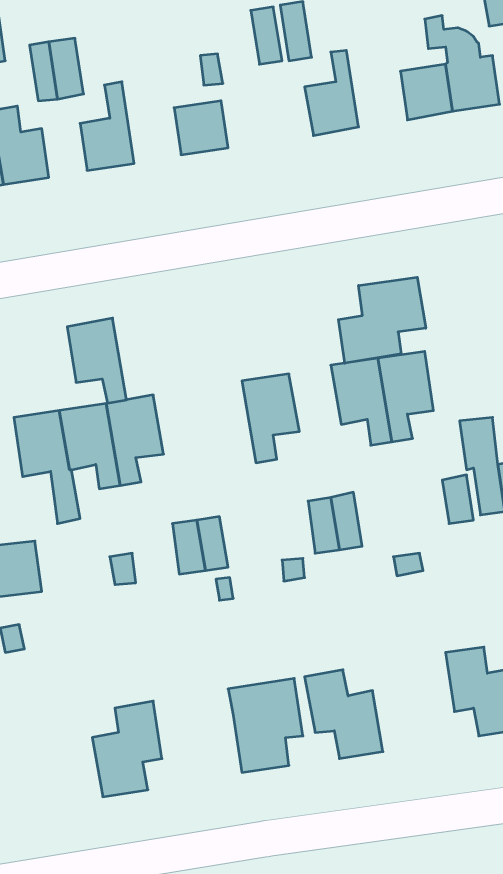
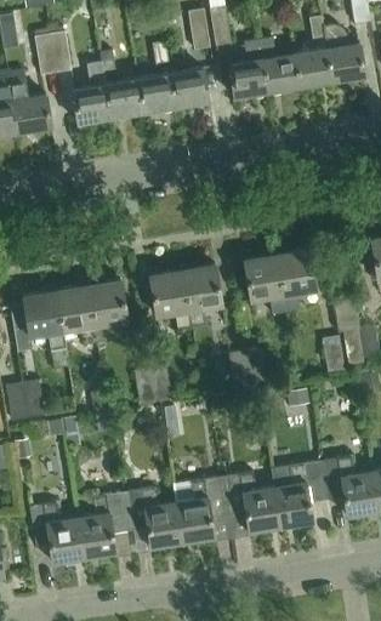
building: none -> [255,38,297,93]
building: none -> [98,51,140,119]
building: none -> [167,69,205,108]
building: [338,277,426,363] -> none
building: [67,318,127,403] -> [150,270,192,330]
building: none -> [271,462,323,529]
building: none -> [127,488,182,549]
building: none -> [30,503,85,565]

